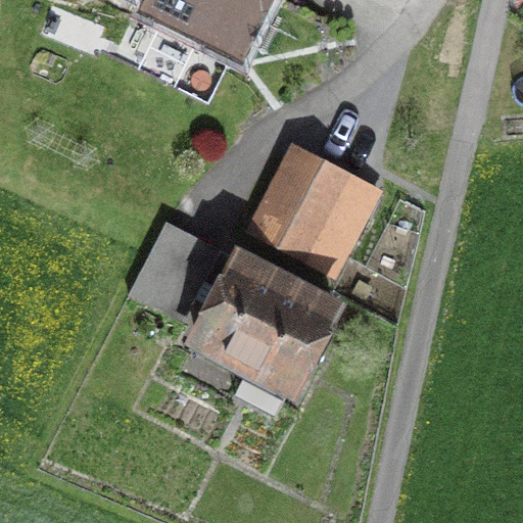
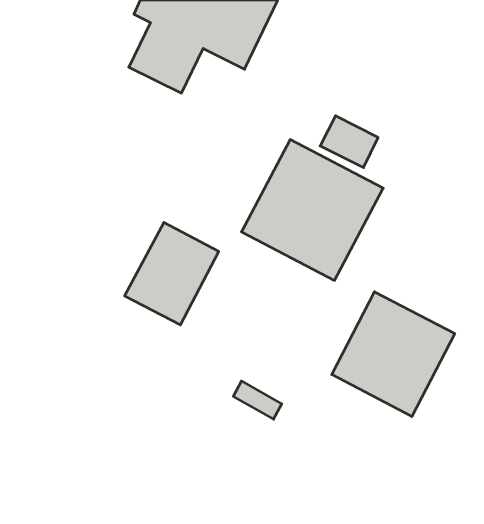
building: [180,239,345,399] -> none
building: none -> [332,292,455,417]

